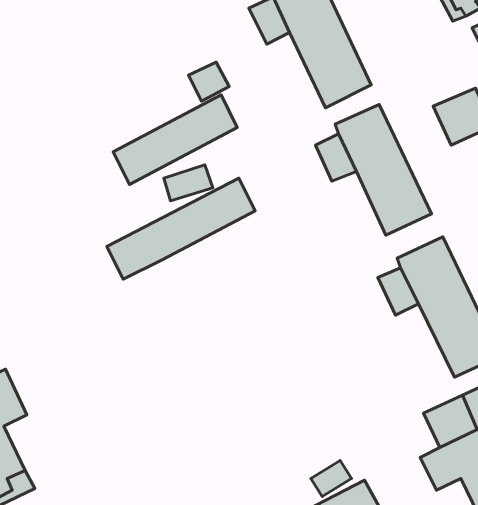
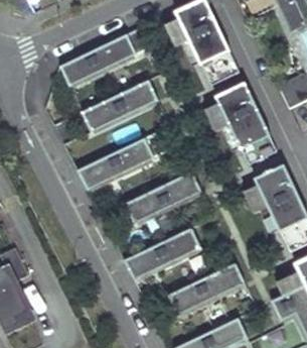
building: none -> [59,26,152,86]
building: none -> [123,168,200,223]
building: none -> [123,223,204,280]
building: none -> [166,260,244,315]

